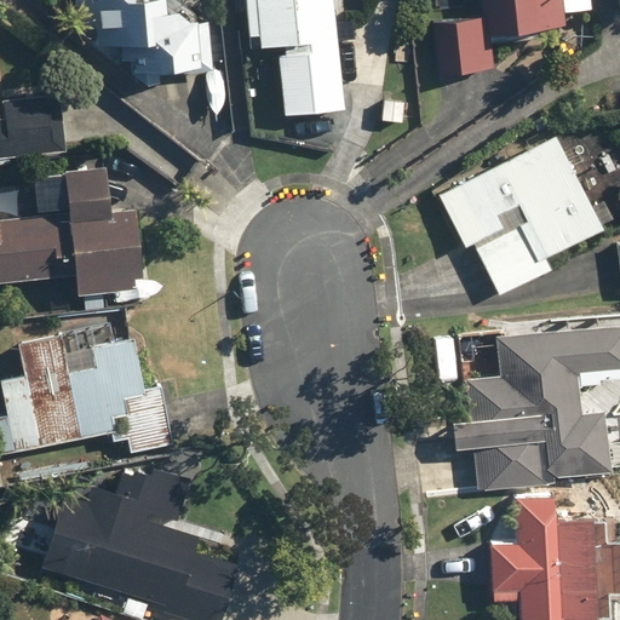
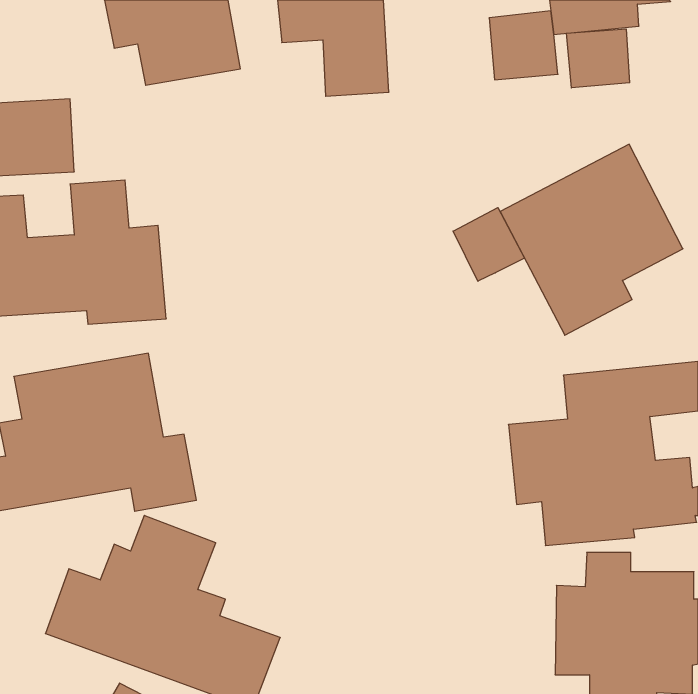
building: none -> [566,29,630,88]
building: none -> [453,208,524,281]

